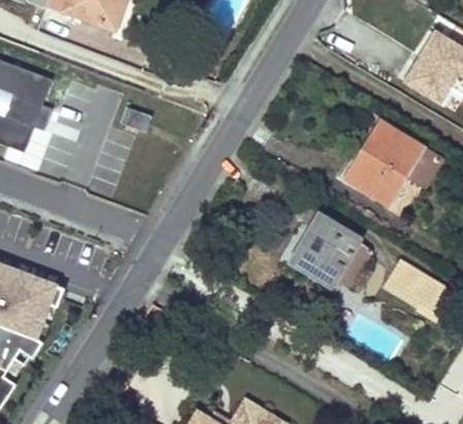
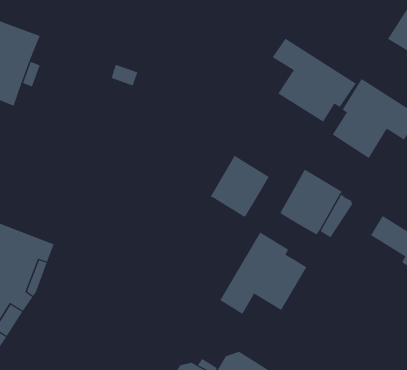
building: none -> [272,38,357,123]
building: none -> [210,155,269,217]
building: none -> [220,231,307,315]

